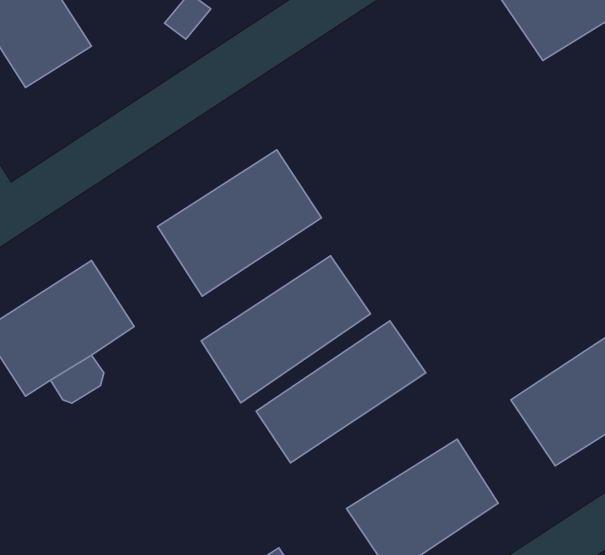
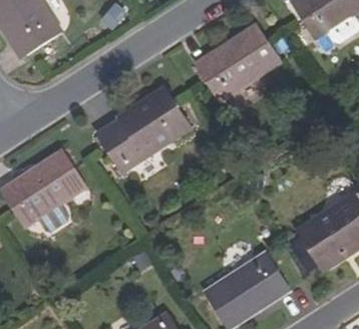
building: none -> [195,26,280,102]
building: [201,256,370,403] -> none
building: [256,321,426,463] -> none

